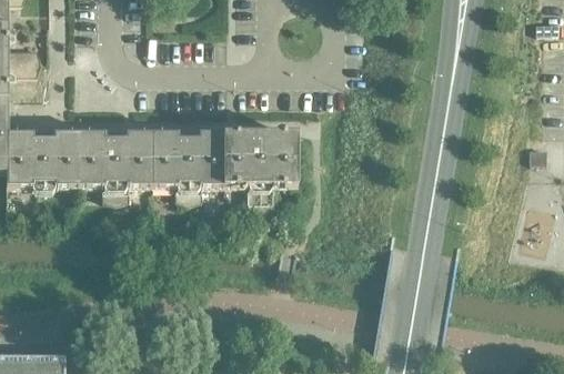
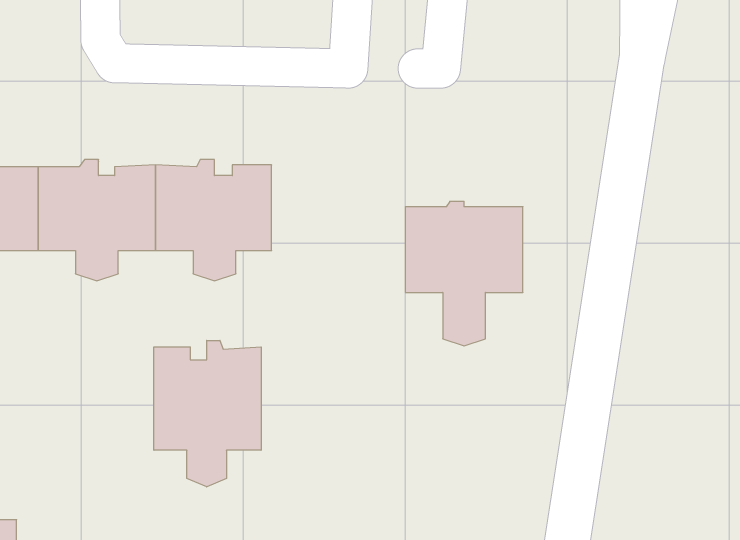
building: [220,127,293,216] -> [405,201,523,346]
building: none -> [154,340,261,487]

